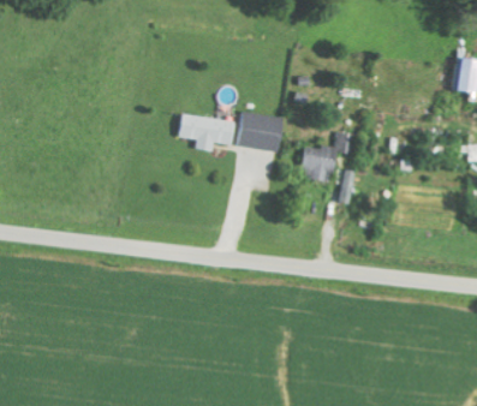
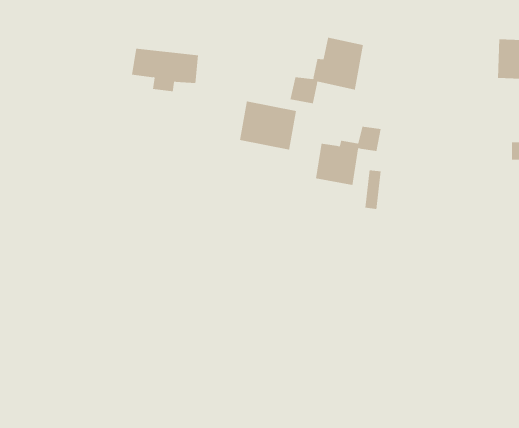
building: none -> [290,37,364,104]
building: [175,114,233,151] -> [131,48,199,92]

